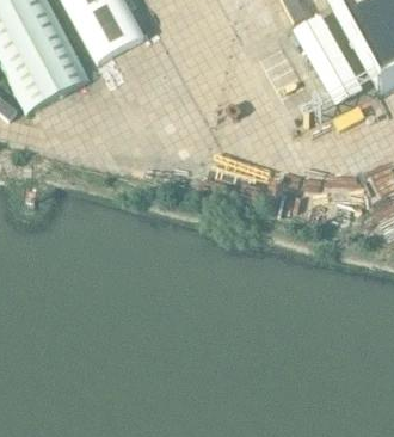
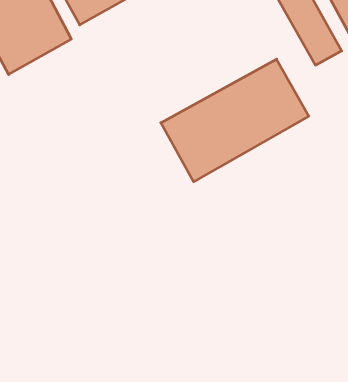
building: none -> [161,59,309,182]

